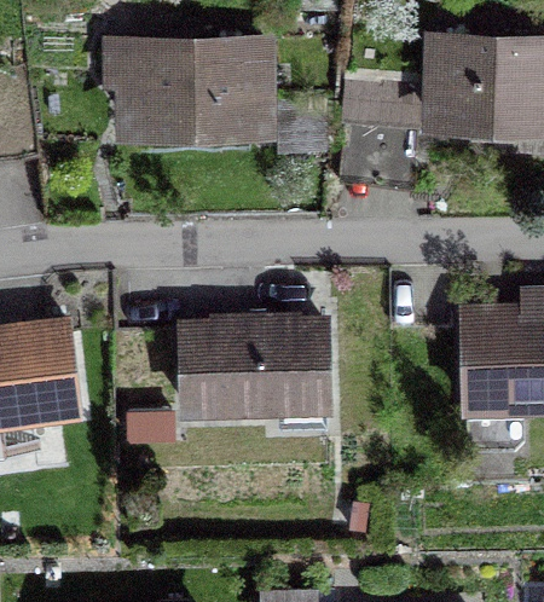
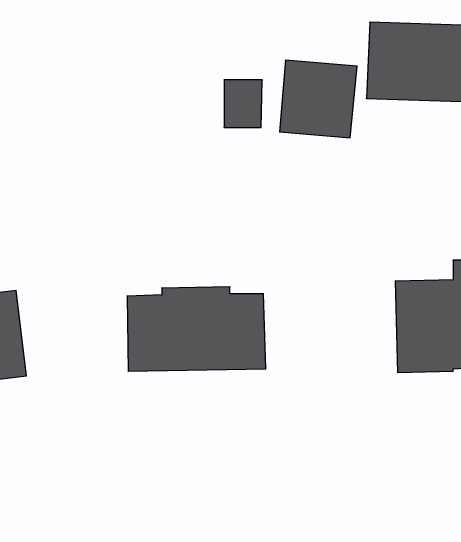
building: [110,35,264,128] -> none

